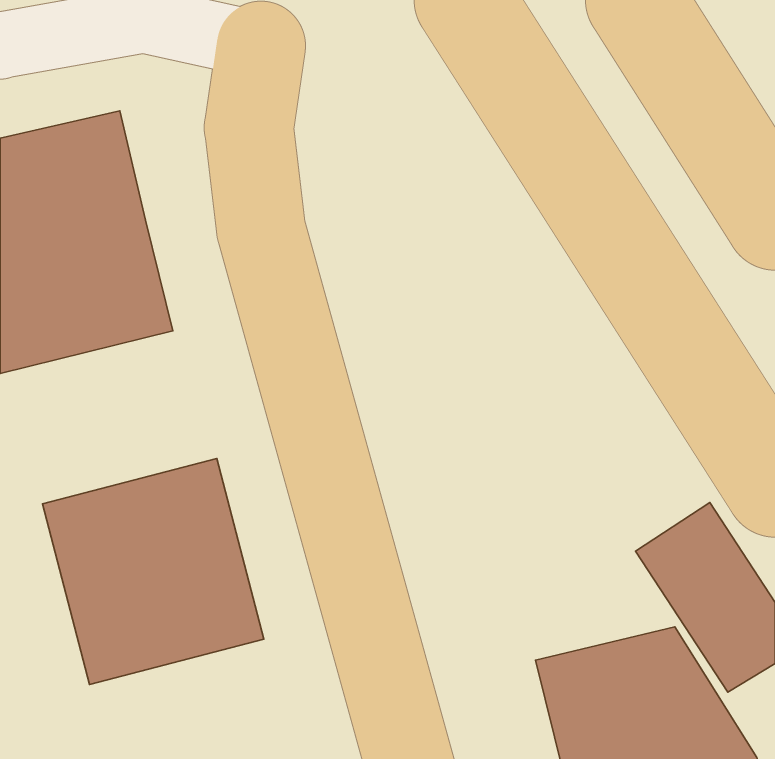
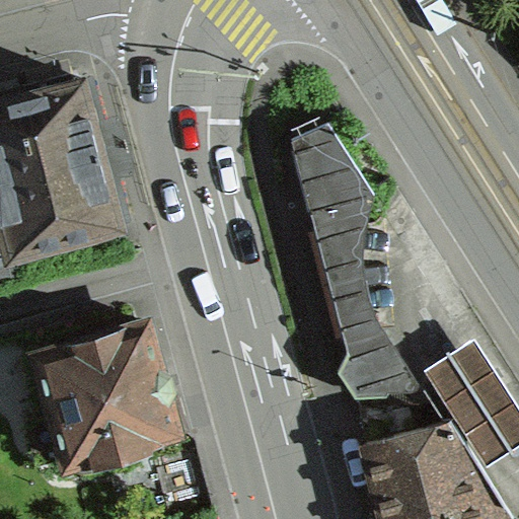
building: none -> [290,132,424,404]

